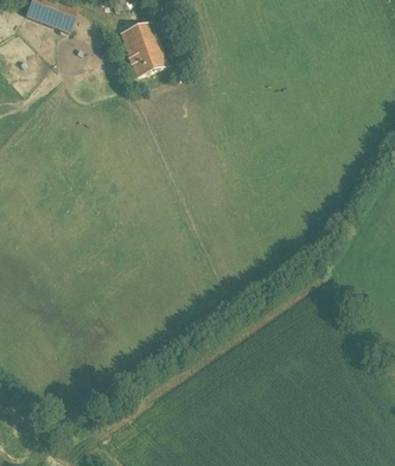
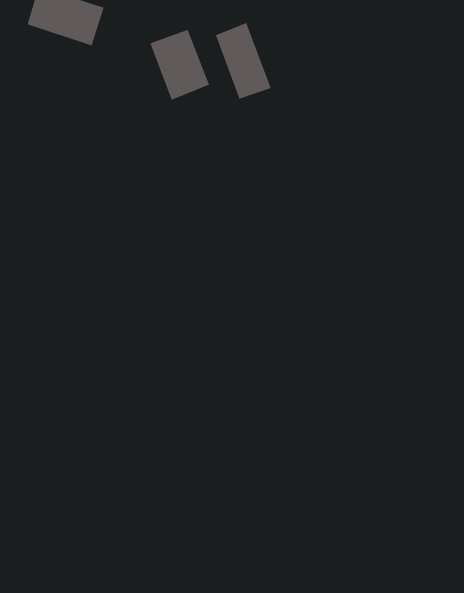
building: none -> [215,22,272,100]

